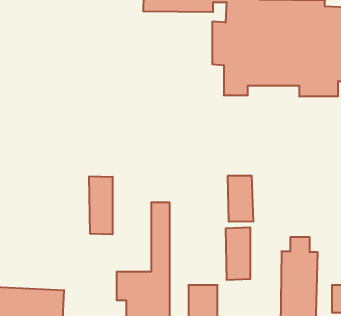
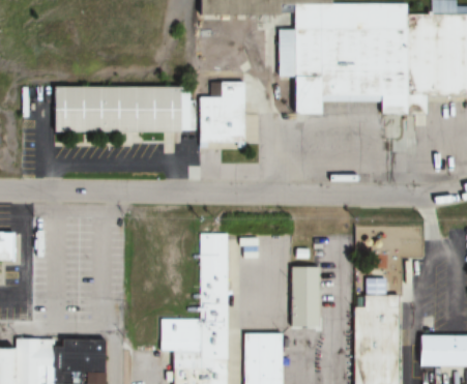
building: none -> [52,80,244,145]
building: [228,176,253,222] -> none
building: [89,176,113,234] -> none

